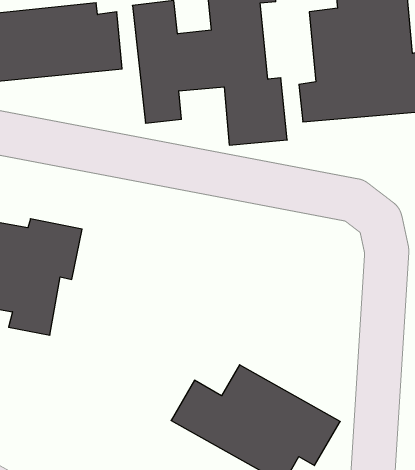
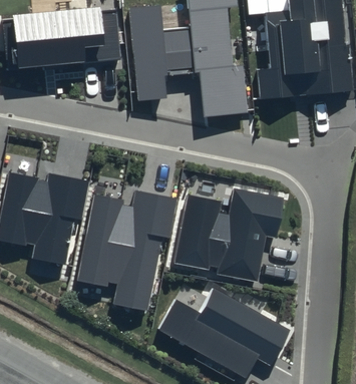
building: none -> [173,188,285,282]
building: none -> [77,189,177,310]

